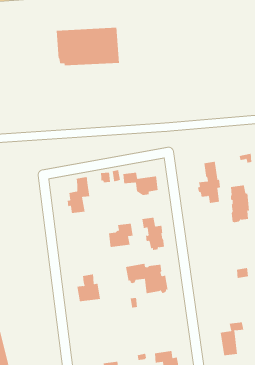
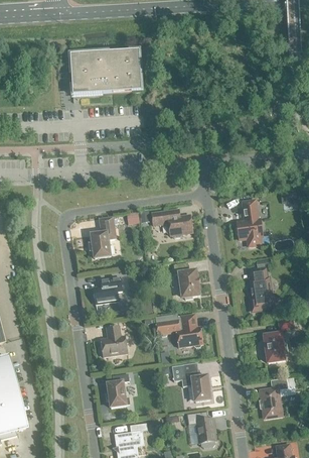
building: [230,185,250,223] -> [250,267,272,310]
building: [108,223,133,247] -> [94,275,122,303]
building: none -> [264,332,285,361]
building: none -> [181,361,211,400]
building: none -> [107,372,129,406]

